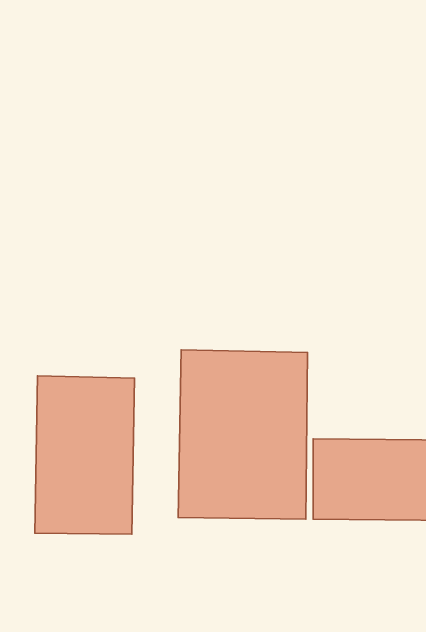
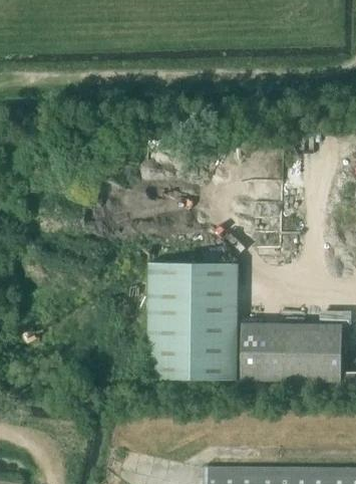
building: [35,376,134,534] -> none

